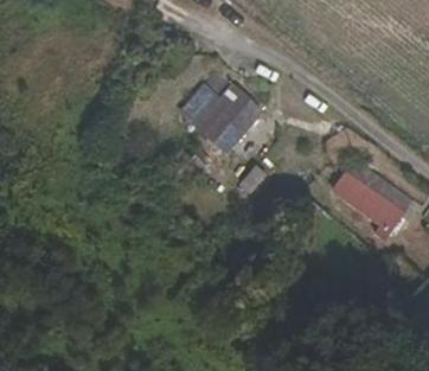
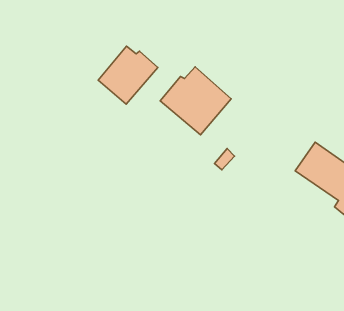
building: none -> [98,46,158,104]

